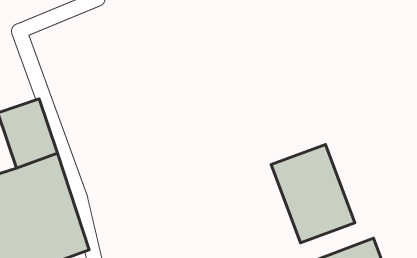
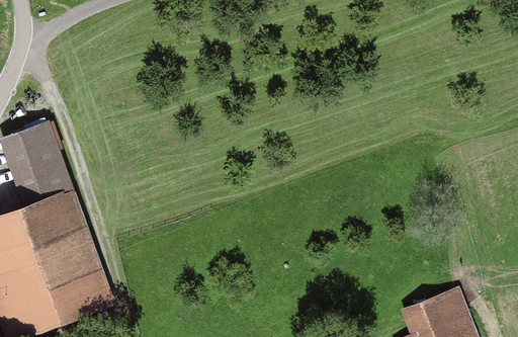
building: [271,144,355,243] -> none

